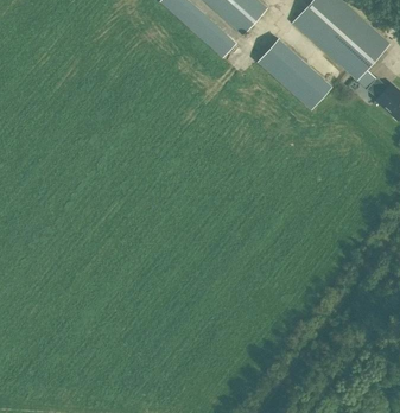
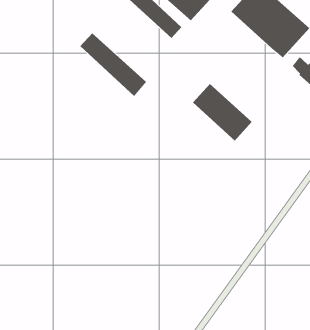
building: [258,33,331,104] -> [192,83,252,141]
building: none -> [80,33,147,97]

